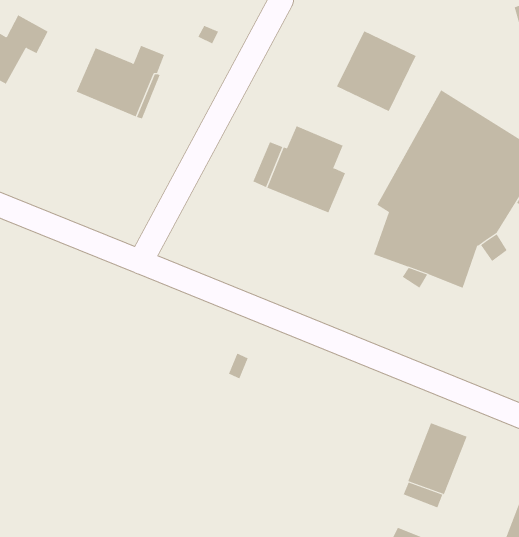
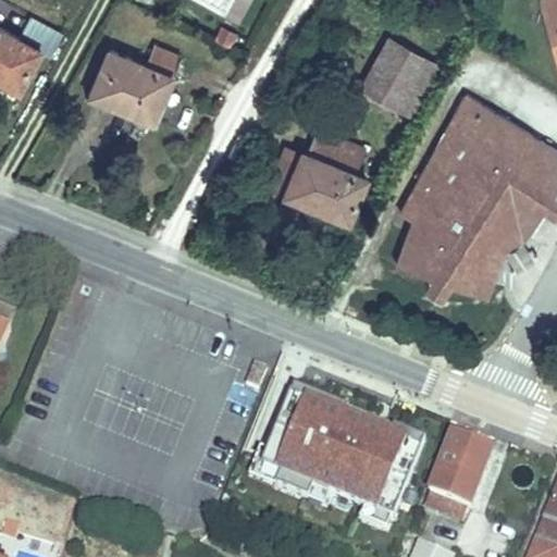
building: none -> [261,392,423,522]

